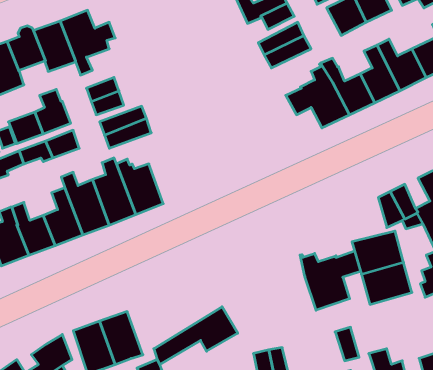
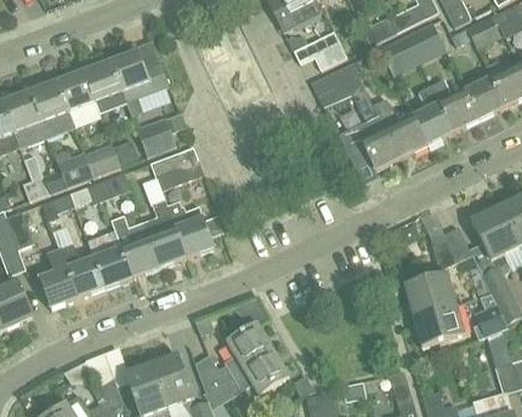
building: [300,251,360,310] -> none
building: none -> [194,322,274,392]

